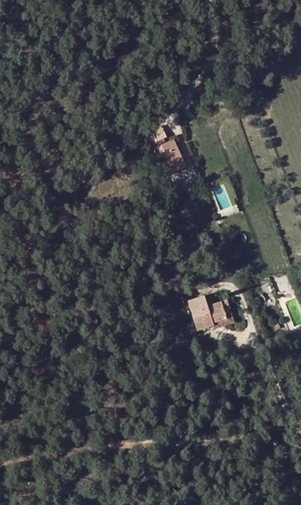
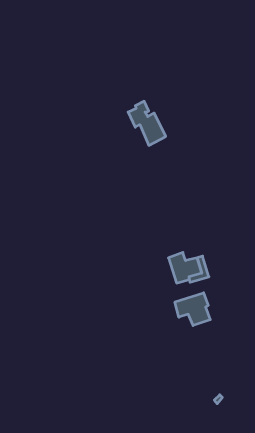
building: none -> [175,293,210,326]

